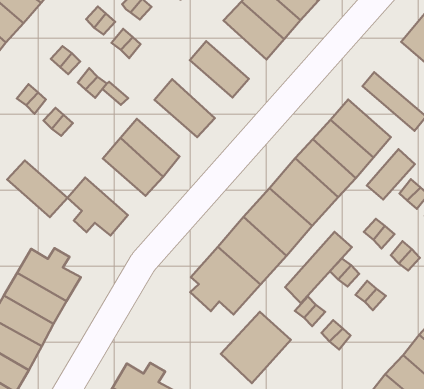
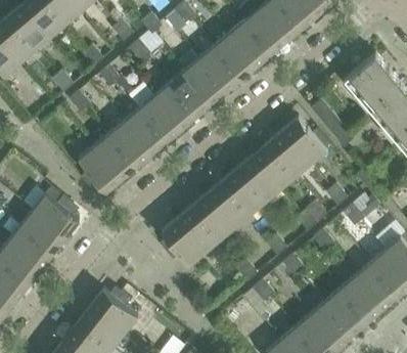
building: none -> [198,44,241,90]
building: none -> [169,70,212,116]
building: none -> [138,95,181,140]
building: [367,149,415,199] -> none
building: [7,160,68,217] -> [93,133,136,178]
building: [285,232,352,303] -> none
building: [221,312,291,383] -> none

